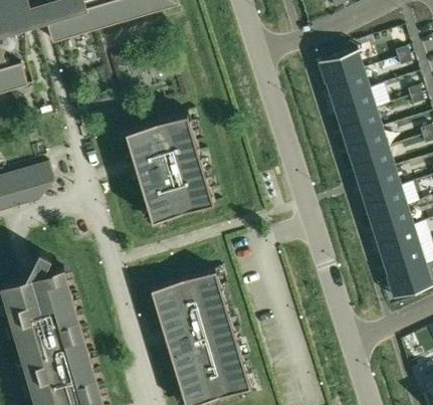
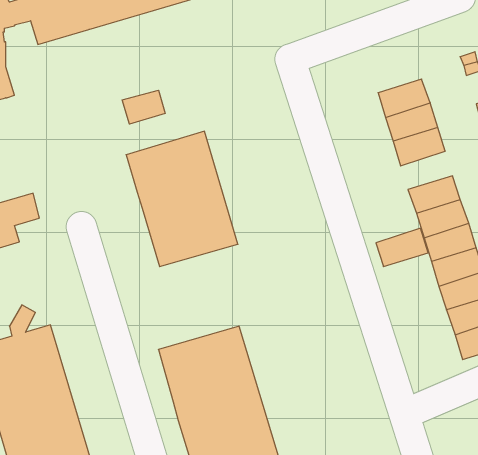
building: [319,48,362,80] -> none
building: none -> [122,90,165,124]
building: [345,128,387,159] -> [376,228,428,267]

